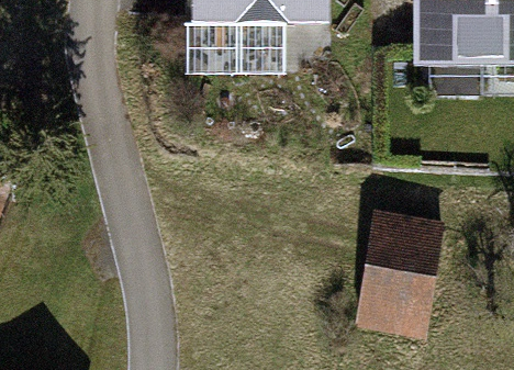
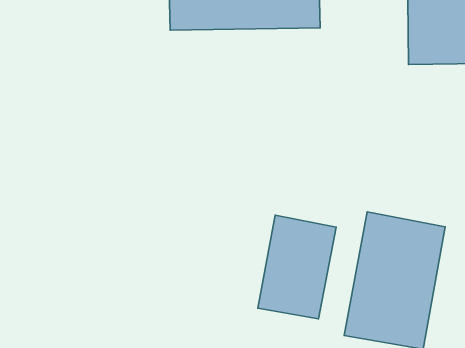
building: none -> [258,215,336,319]

